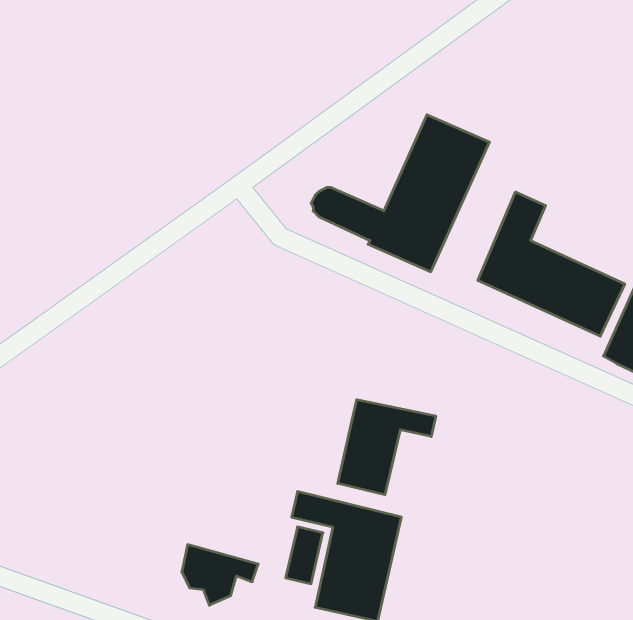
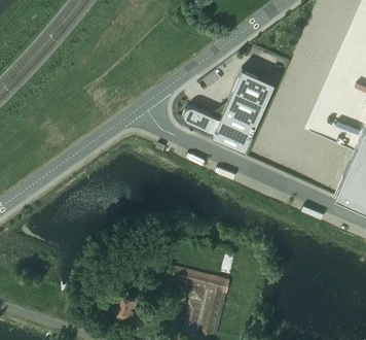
building: [478,192,625,336] -> none
building: [338,400,436,495] -> none

